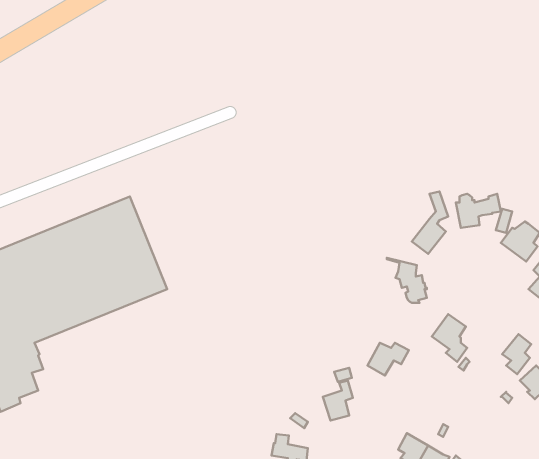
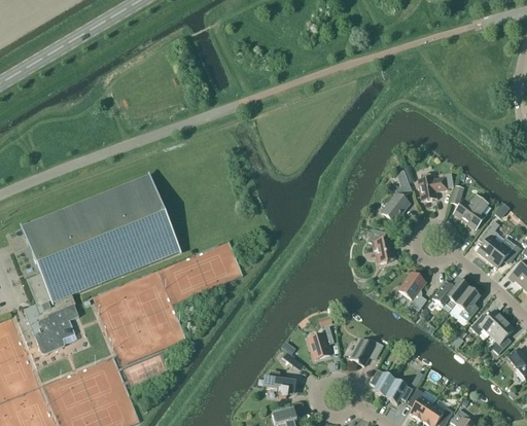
building: none -> [432,278,469,307]
building: [367,343,409,375] -> [350,339,384,365]

